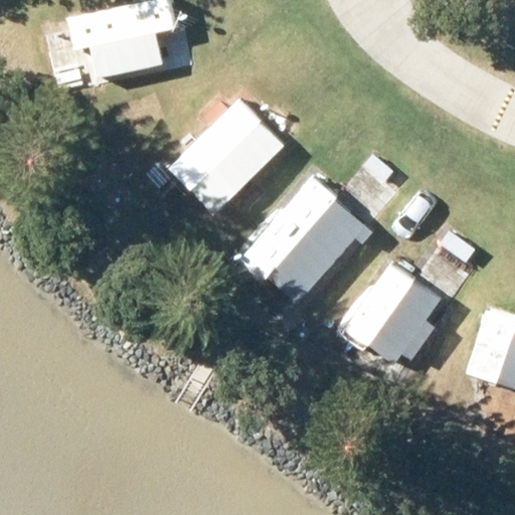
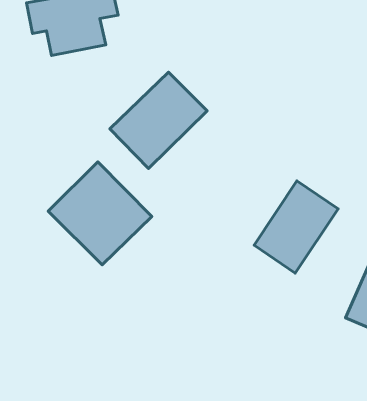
building: [241,178,362,302] -> none
building: none -> [48,162,152,265]

